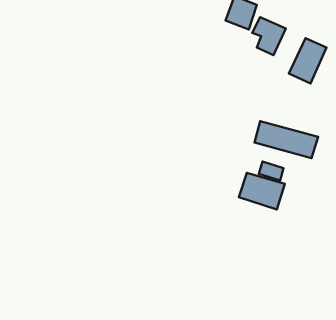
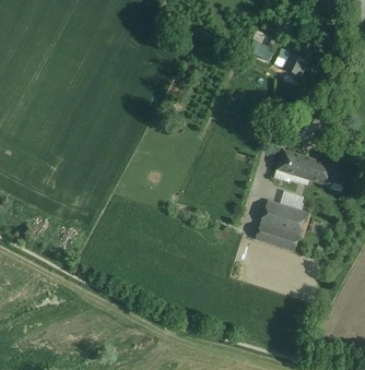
building: [289,38,326,83] -> none
building: none -> [256,224,298,251]

